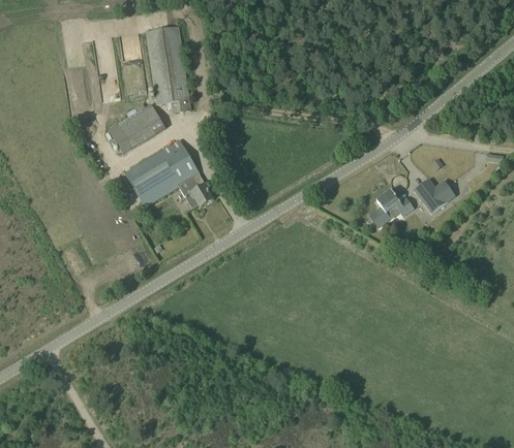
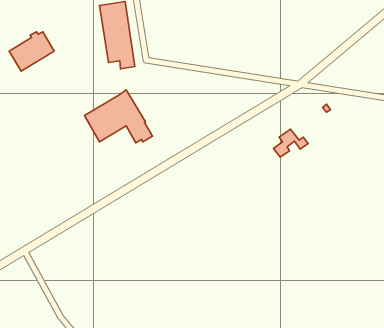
building: [108,103,165,154] -> [9,32,54,71]
building: [414,179,455,213] -> none

